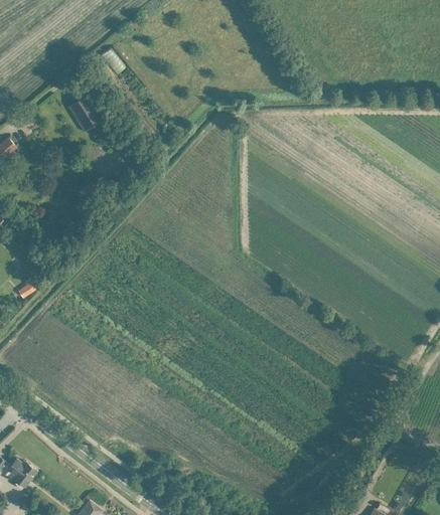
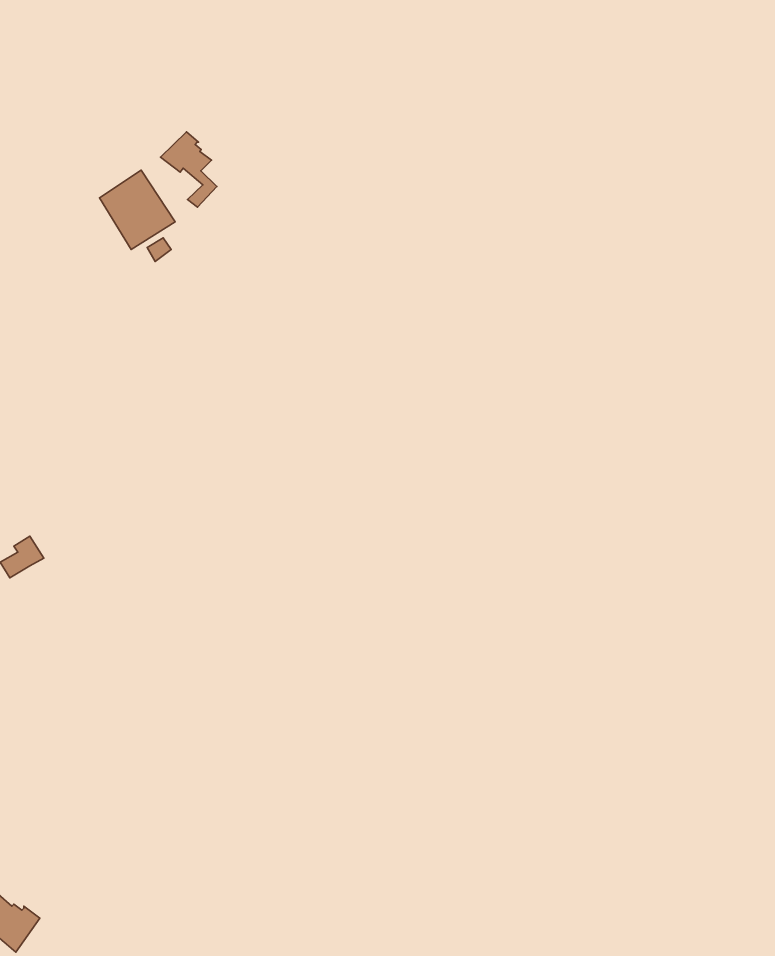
building: none -> [161,132,217,207]

